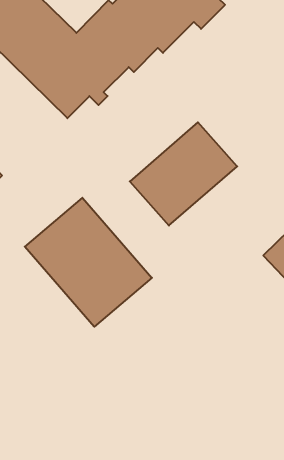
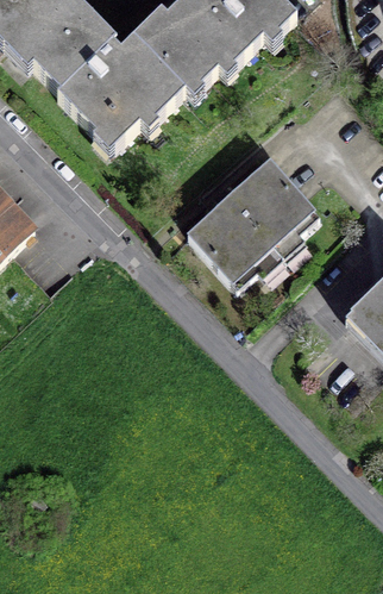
building: [25,198,152,327] -> none

